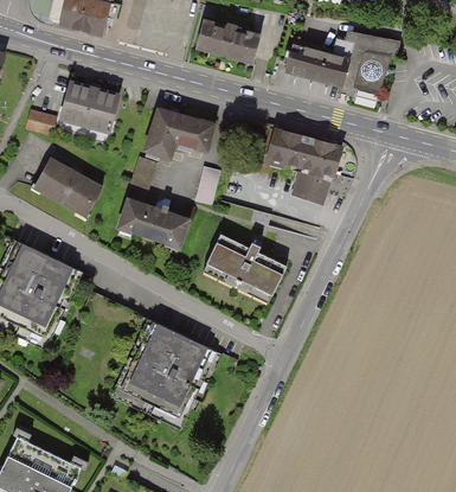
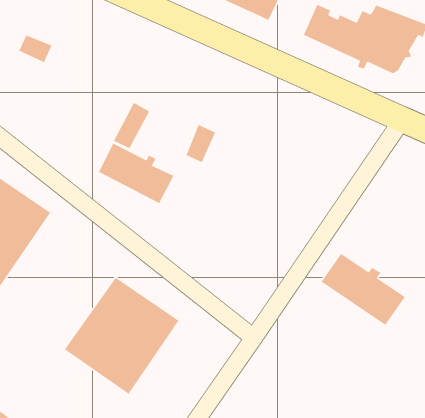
building: [62,82,118,130] -> none
building: [144,109,212,156] -> none
building: [263,128,341,203] -> none
building: [34,159,102,215] -> none
building: [206,234,287,294] -> [321,253,406,326]

